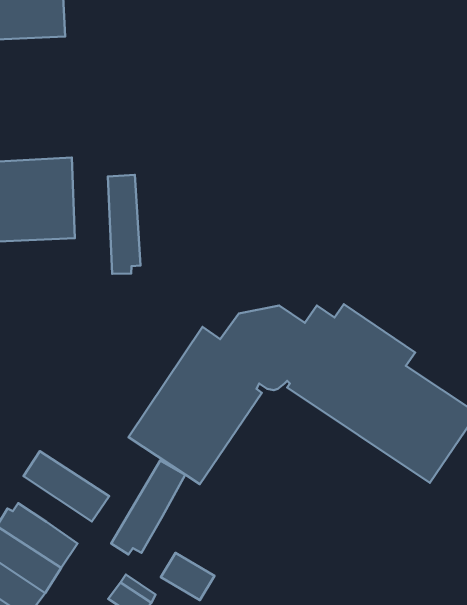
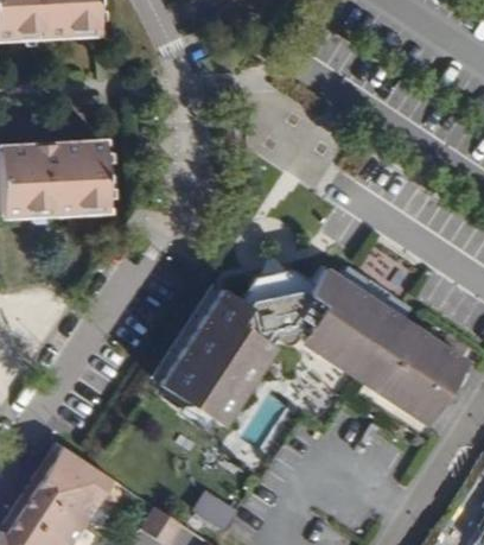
building: [108,175,140,274] -> none
building: [24,451,109,522] -> none
building: [111,461,185,554] -> none

